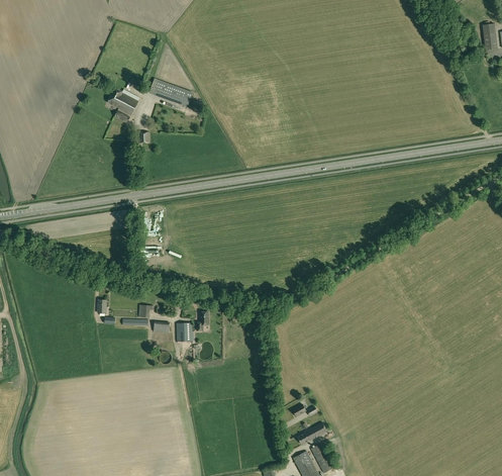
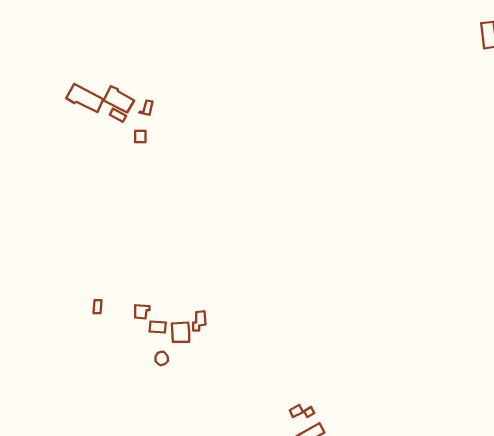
building: [149,79,193,106] -> none
building: none -> [66,84,103,112]

